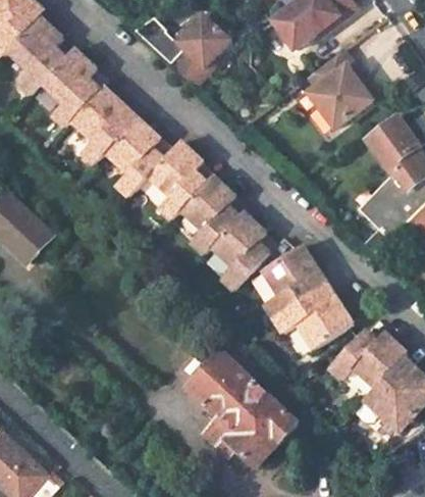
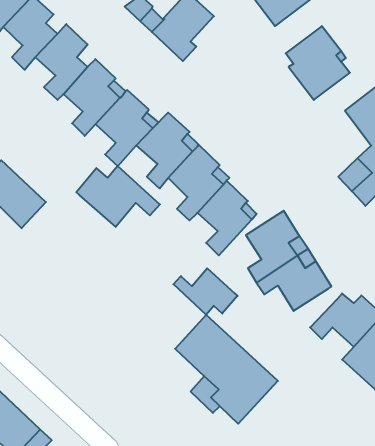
building: none -> [76,166,160,227]
building: none -> [173,268,238,315]

